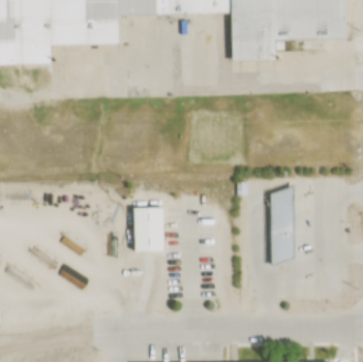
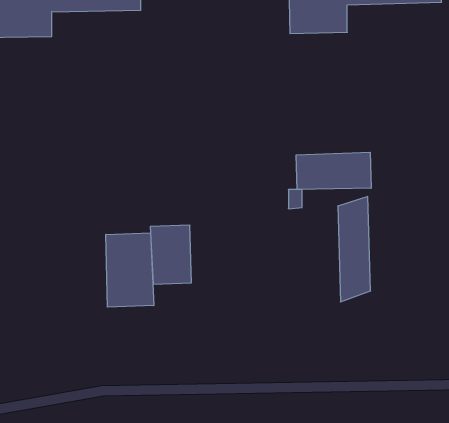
building: none -> [296,152,371,190]
building: none -> [106,233,154,307]

